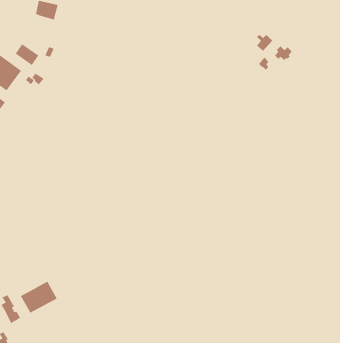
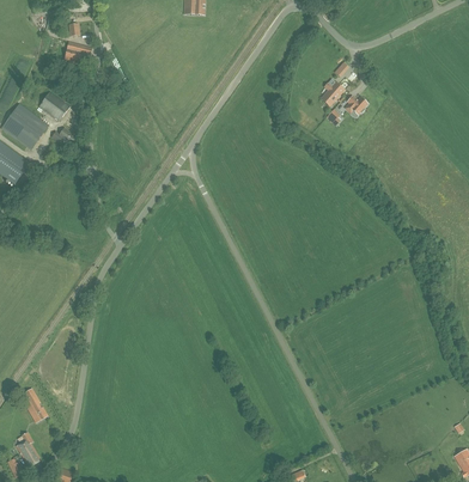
building: [20,281,58,314] -> none

